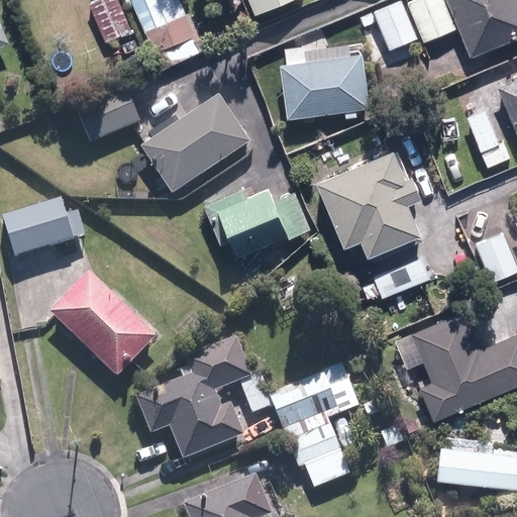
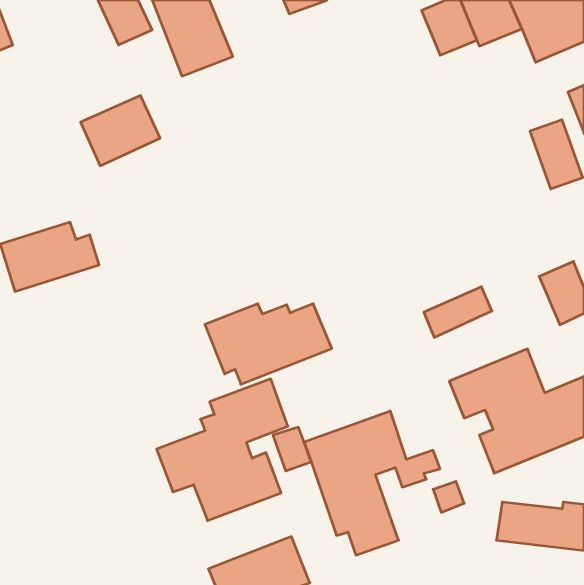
building: [278,40,373,118] -> none
building: [142,97,250,194] -> none
building: [318,143,437,255] -> none
building: [201,187,312,257] -> [205,304,332,384]
building: [51,273,159,379] -> none

